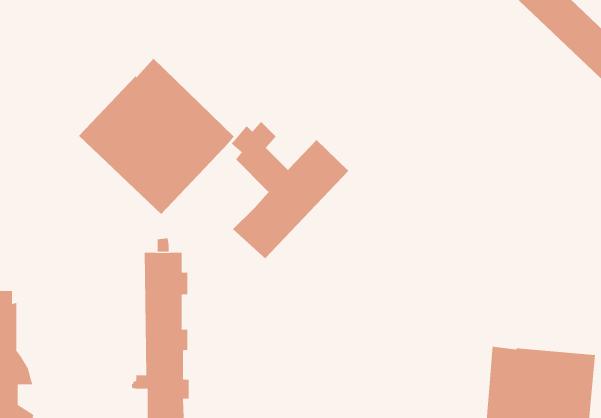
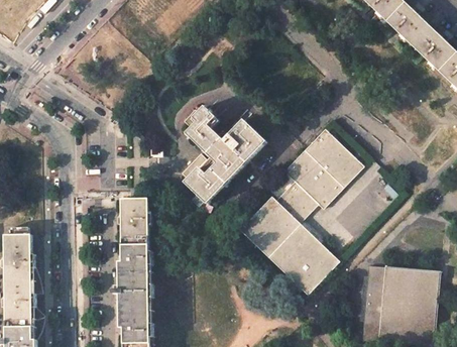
building: [78,58,234,215] -> none
building: none -> [241,128,363,292]

